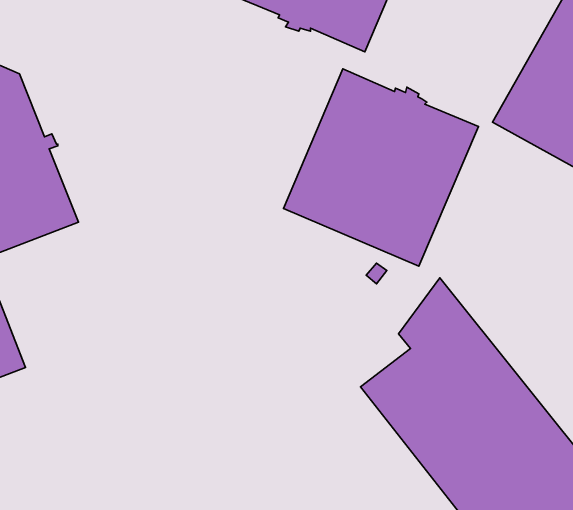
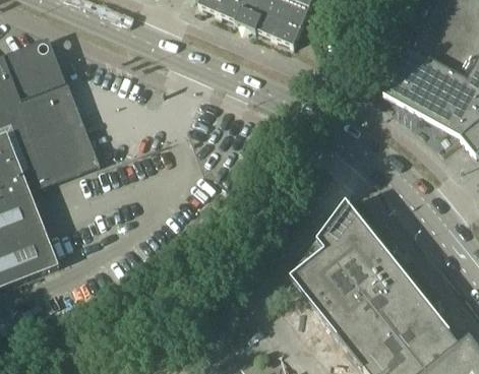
building: [283,69,478,266] -> none

